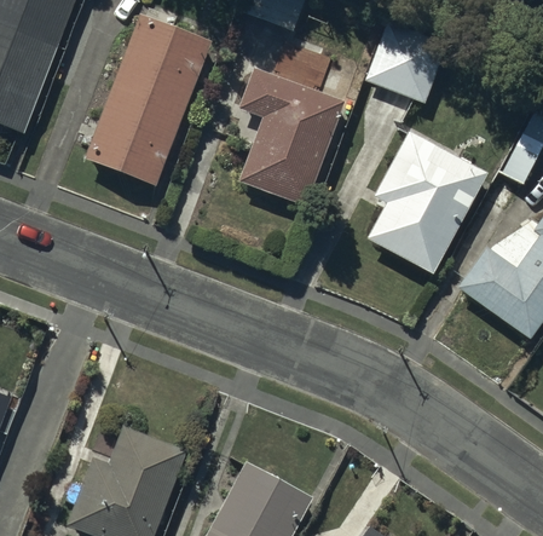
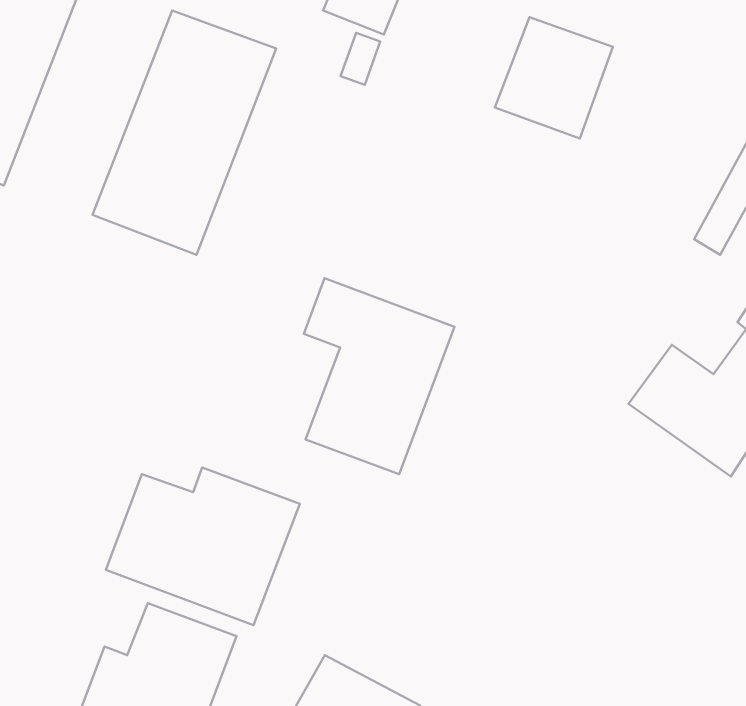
building: [238,68,343,204] -> [304,278,455,474]
building: [366,129,490,275] -> none
building: none -> [106,468,300,625]

